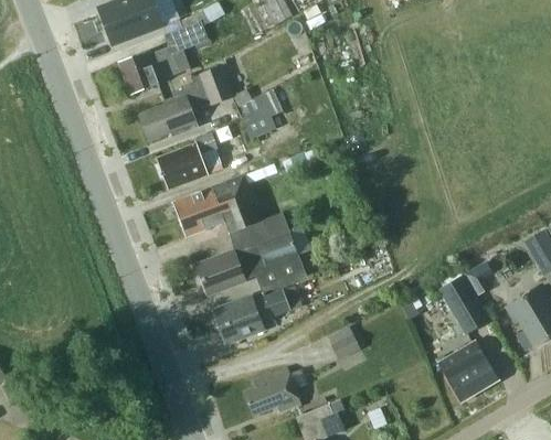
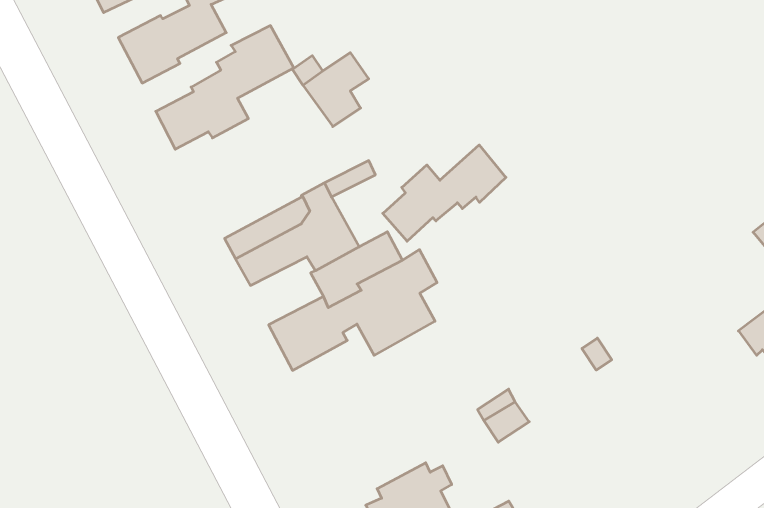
building: [157,133,218,189] -> none
building: none -> [383,145,506,241]
building: [438,276,489,334] -> none
building: [213,287,301,343] -> none
building: [439,341,498,400] -> none

